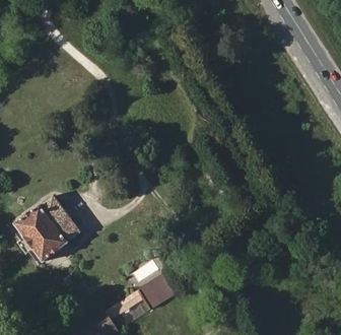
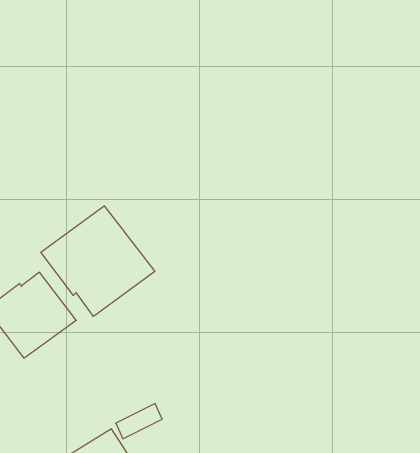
building: none -> [41,206,155,316]
building: [136,277,173,312] -> none

